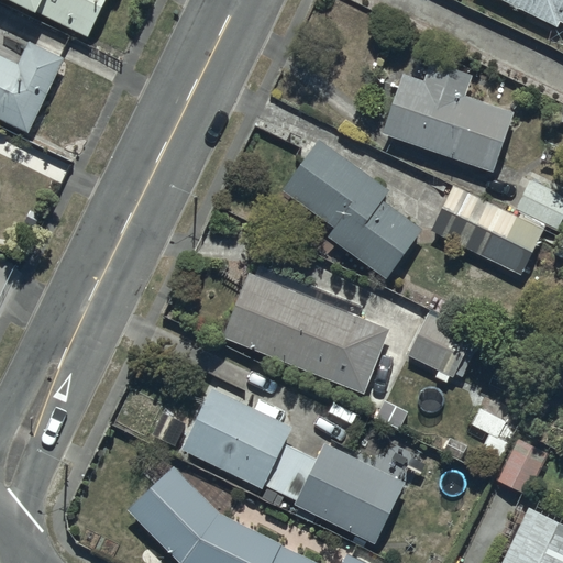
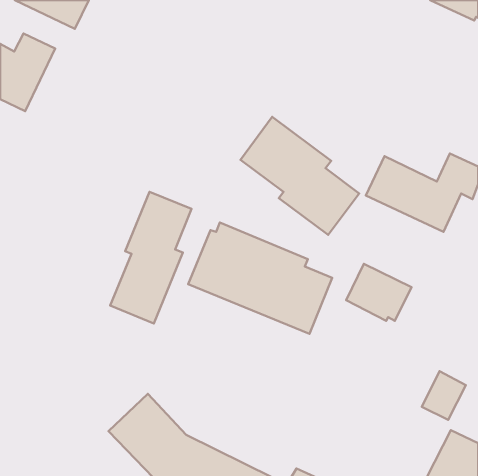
building: [382,62,514,172] -> none
building: none -> [110,192,192,324]
building: [180,384,406,545] -> none

